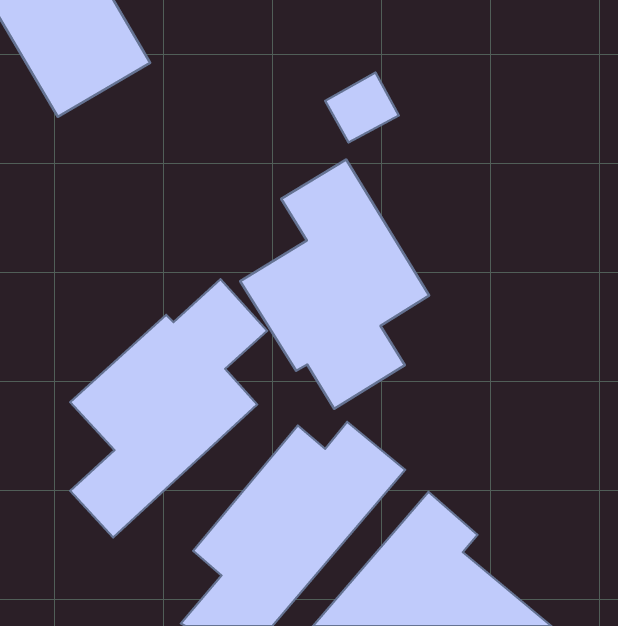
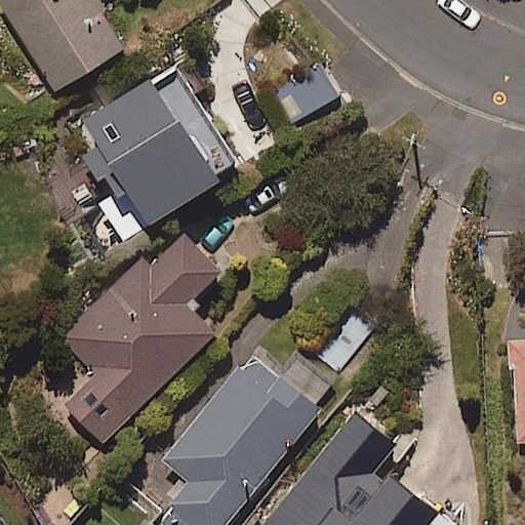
building: none -> [67,68,256,241]
building: [240,159,429,409] -> none

